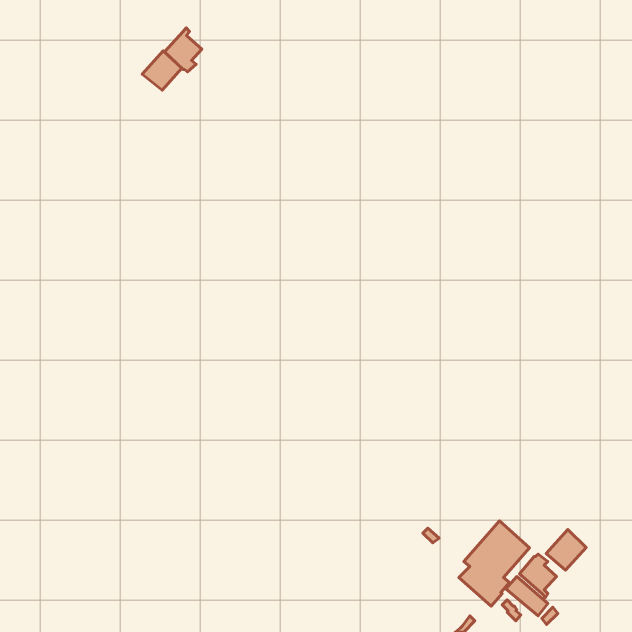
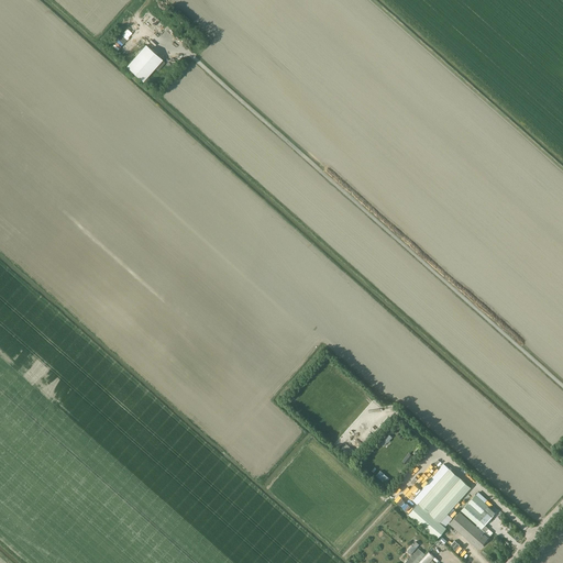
building: [165,28,202,72] -> none
building: [546,529,586,570] -> none

